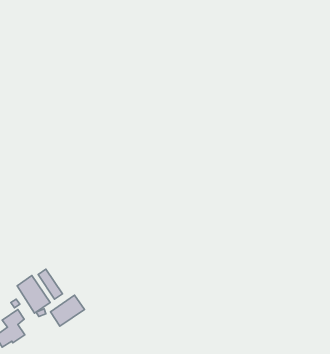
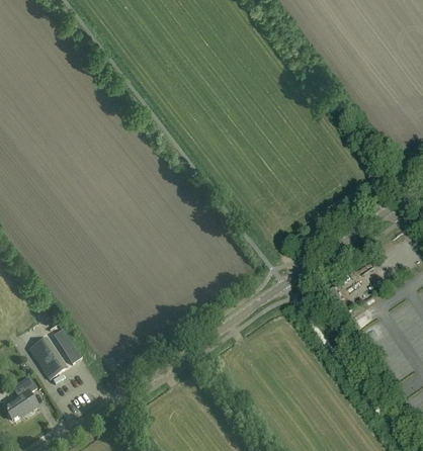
building: [51,295,85,326] -> none

